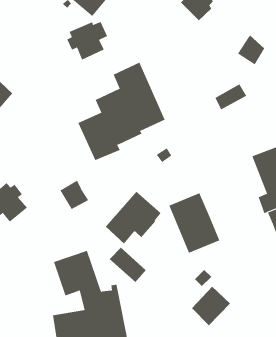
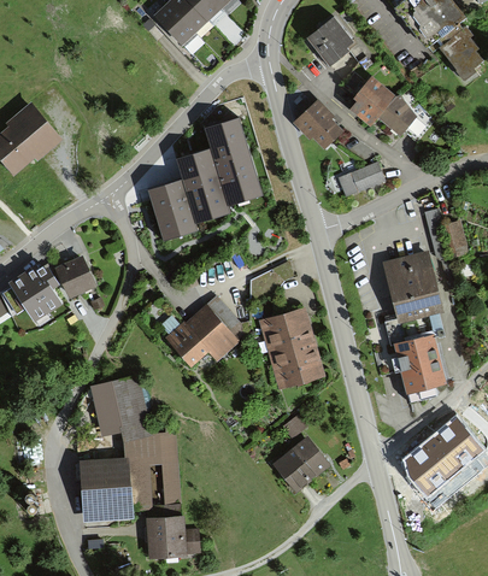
building: [66,21,108,60] -> none
building: none -> [349,78,395,129]
building: none -> [295,99,340,146]
building: [60,180,89,210] -> [57,253,96,294]
building: [109,247,147,283] -> none

